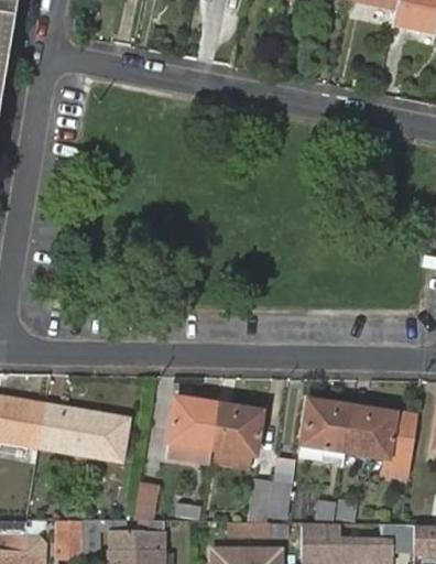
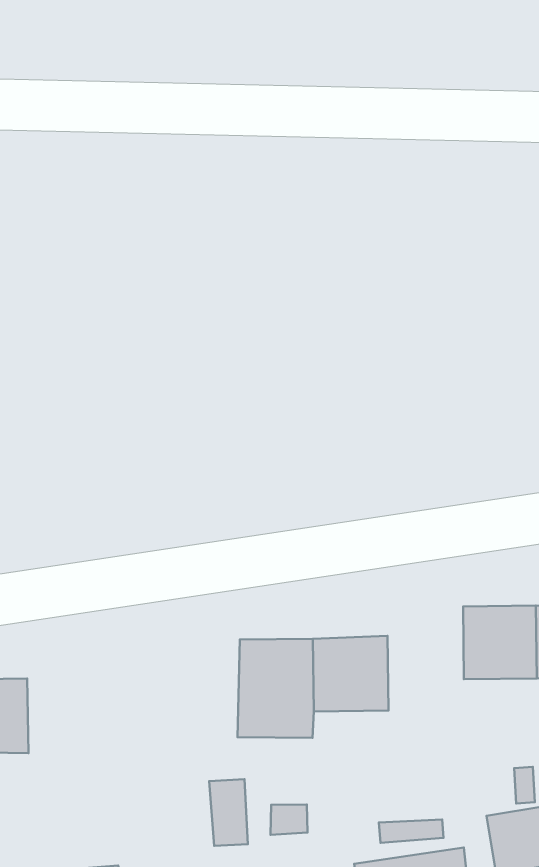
building: [37,402,129,459] -> none
building: [253,456,295,519] -> none

